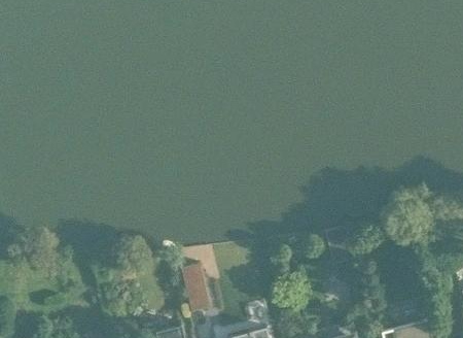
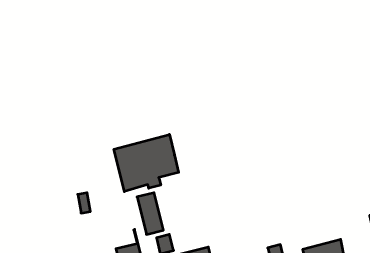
building: none -> [114,134,179,192]

